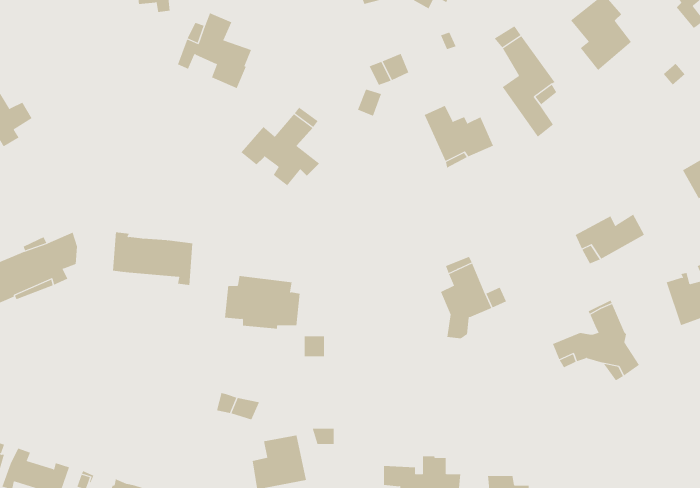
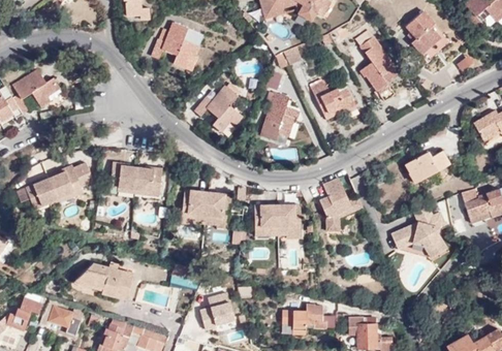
building: none -> [257,93,297,141]
building: none -> [254,203,302,232]
building: none -> [73,261,130,298]

